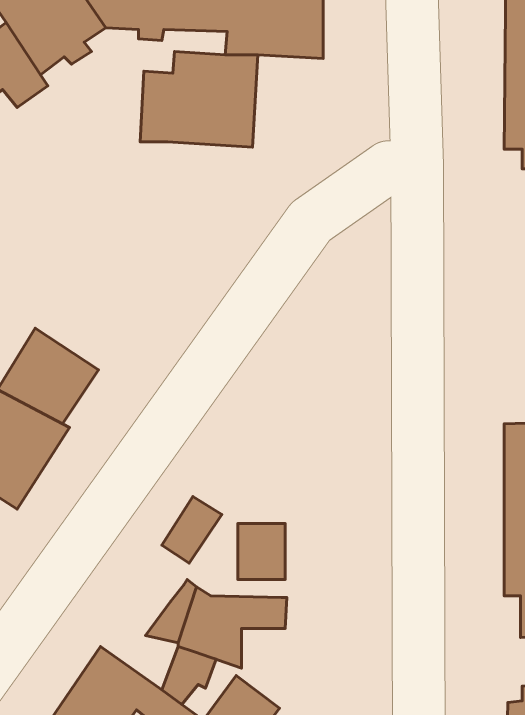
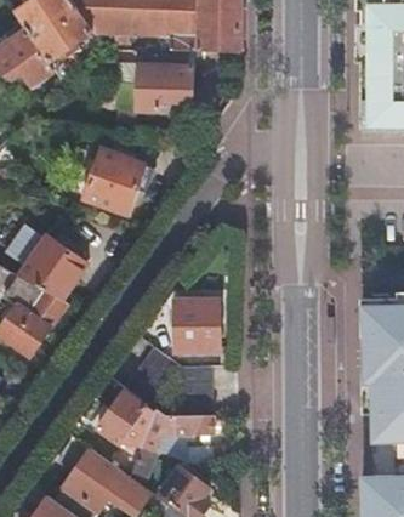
building: none -> [81,149,153,214]
building: none -> [171,299,217,353]
building: none -> [96,391,144,443]

